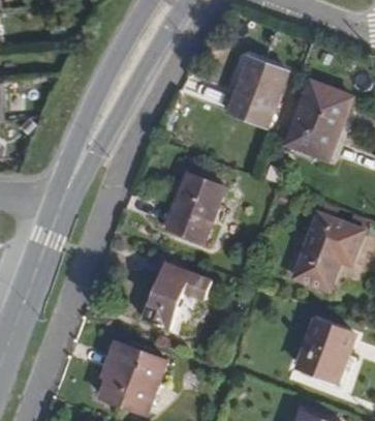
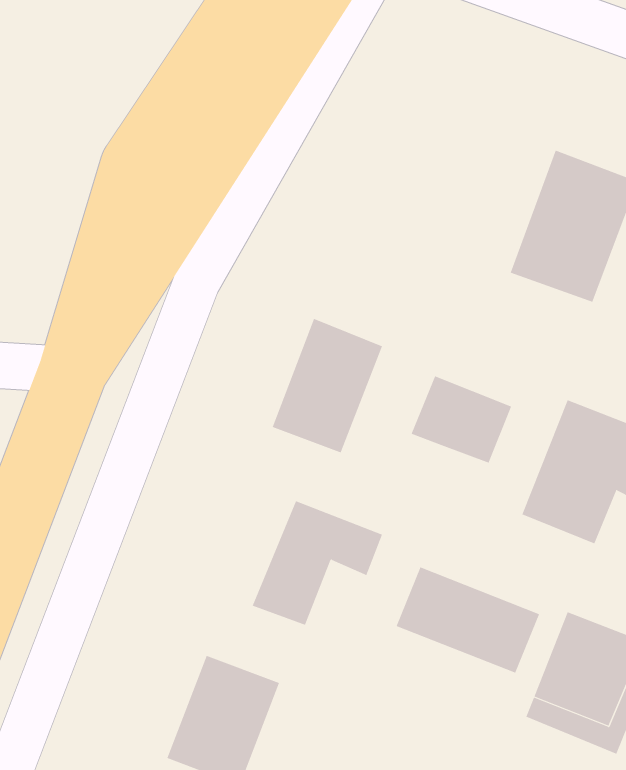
building: [228,50,285,120] -> none
building: none -> [411,376,512,464]
building: none -> [396,567,540,674]

